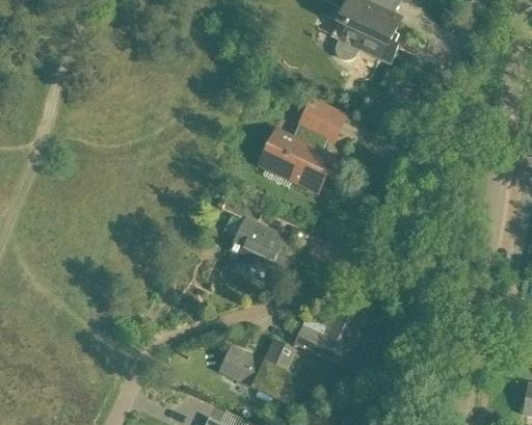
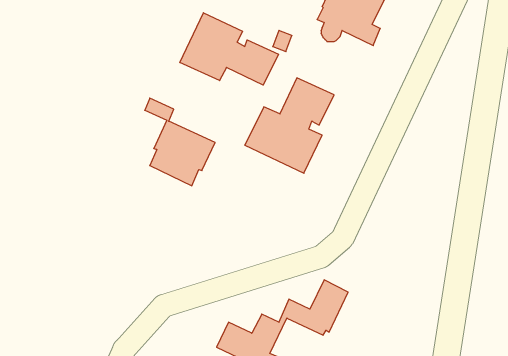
building: none -> [180,13,278,85]
building: [220,194,293,285] -> [145,98,215,186]

